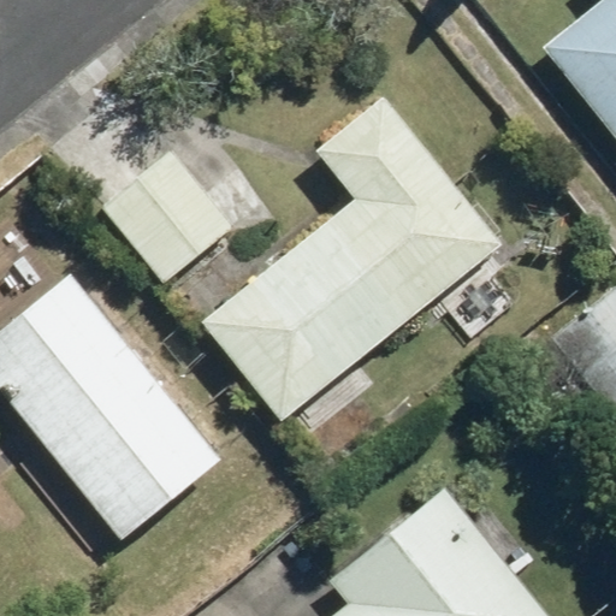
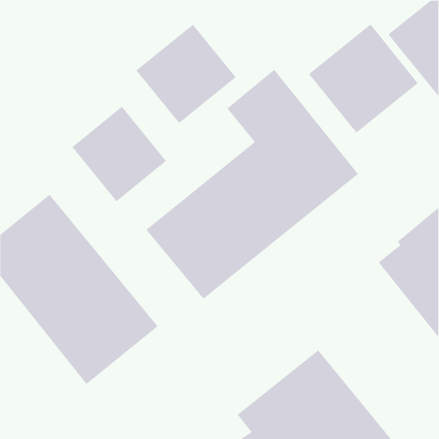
building: none -> [308,24,419,134]
building: none -> [135,24,237,124]

